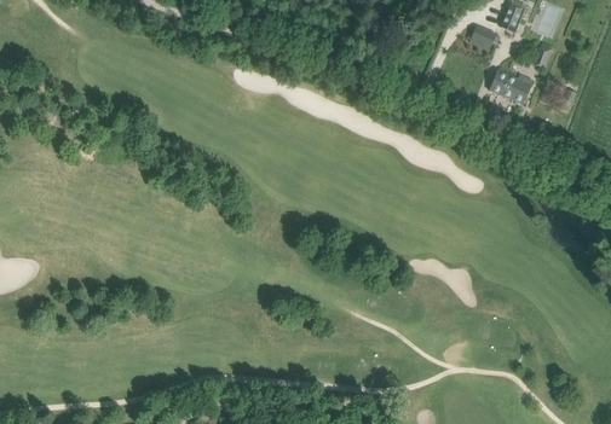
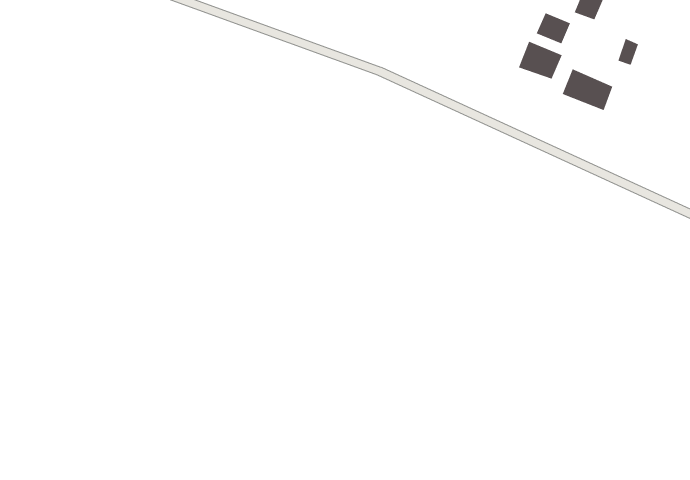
building: none -> [518,41,563,80]

